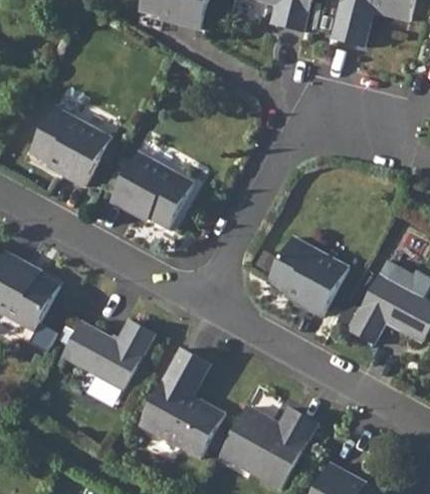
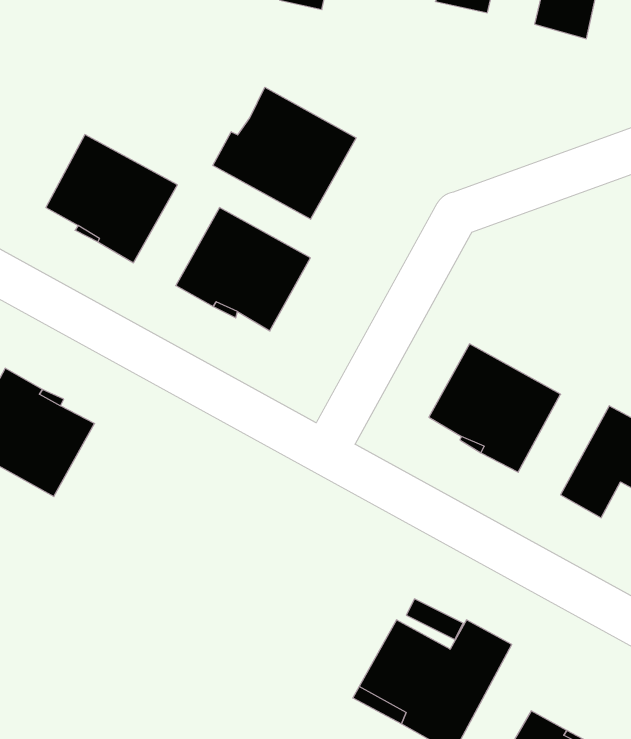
building: none -> [213,87,356,219]
building: [62,319,155,390] -> none
building: [139,347,225,458] -> none

